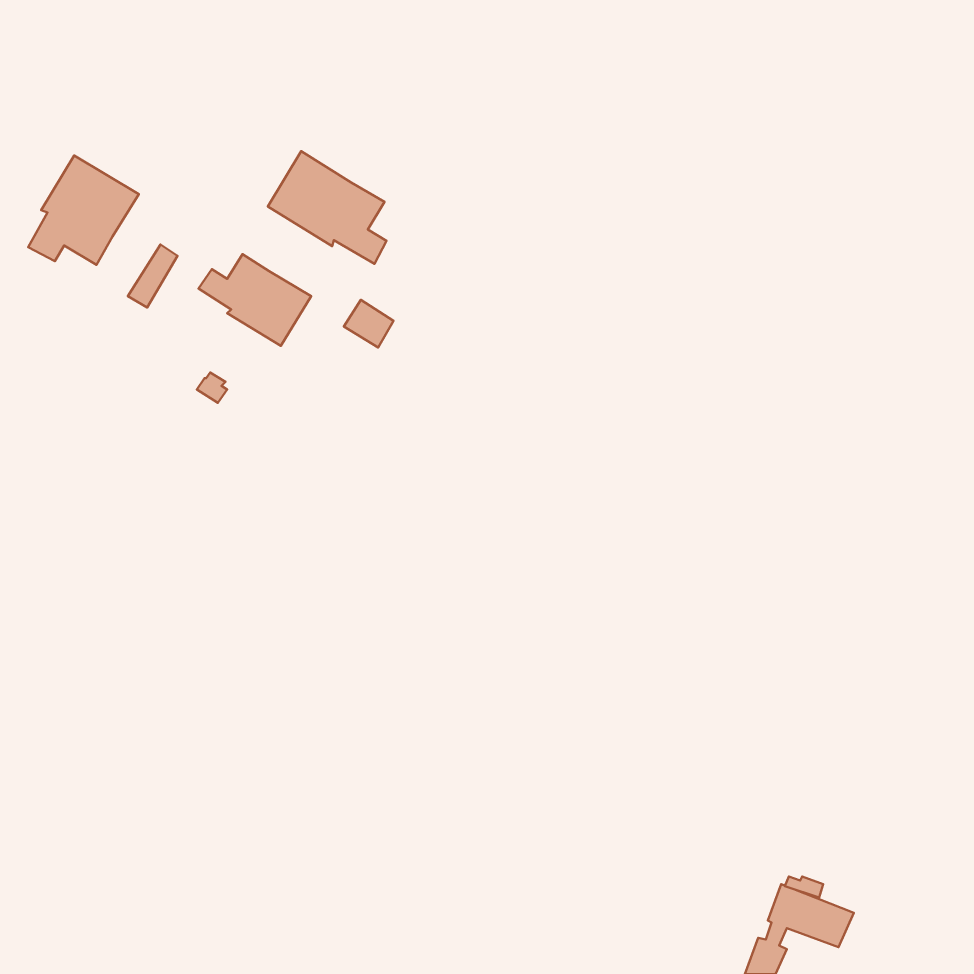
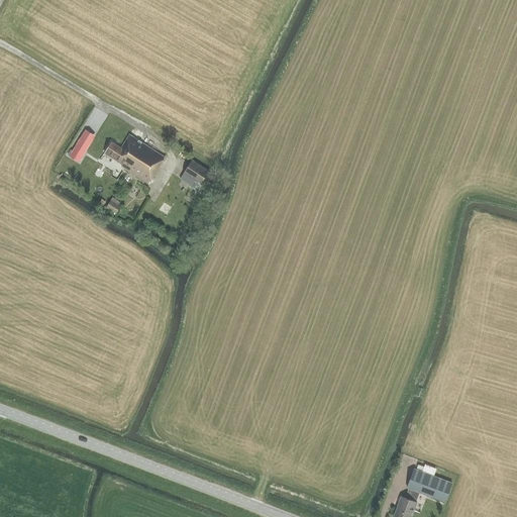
building: [268,151,386,264] -> none
building: [28,155,139,265] -> none

